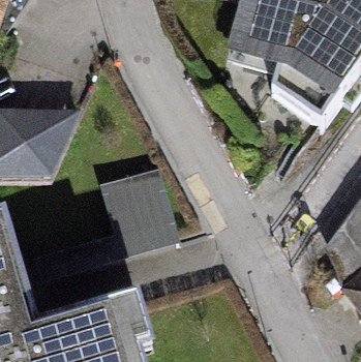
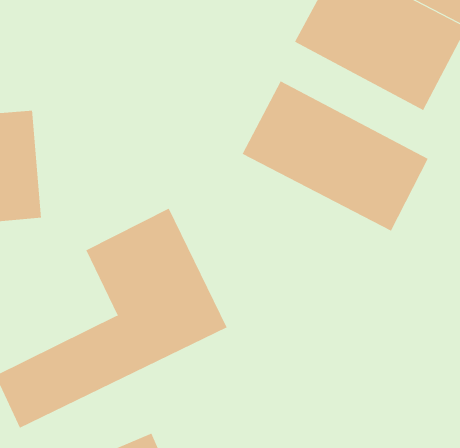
building: none -> [242,81,428,232]

